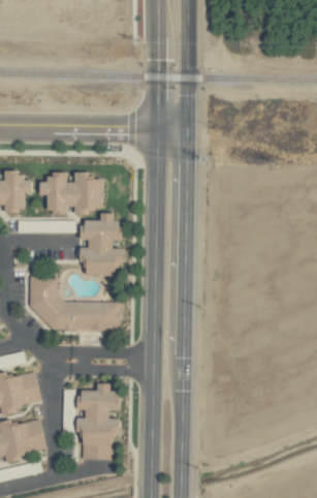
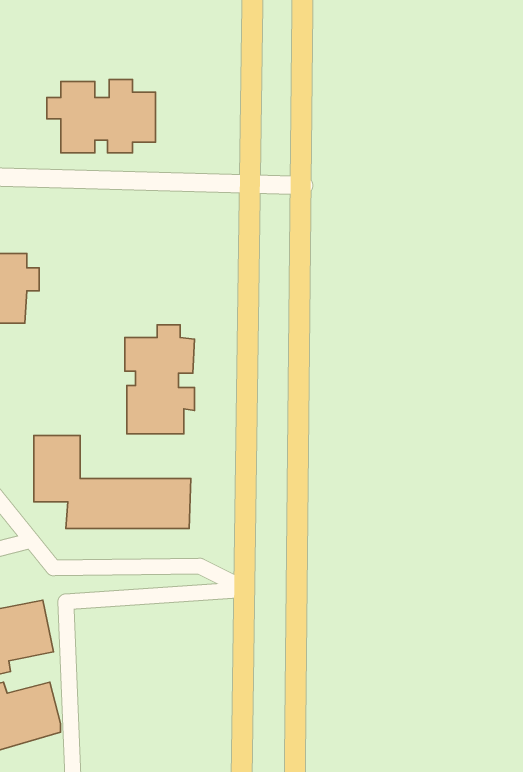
building: [39,172,102,214] -> [47,80,156,153]
building: [78,383,119,460] -> none

